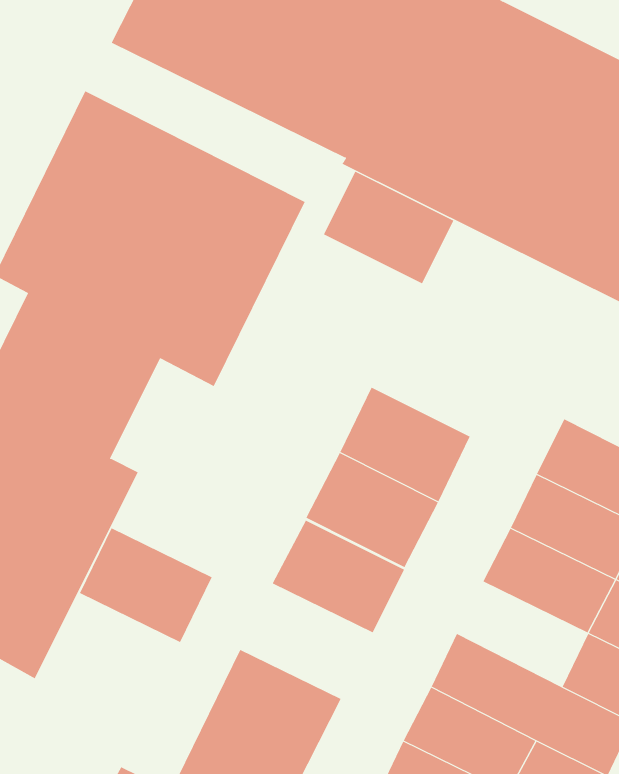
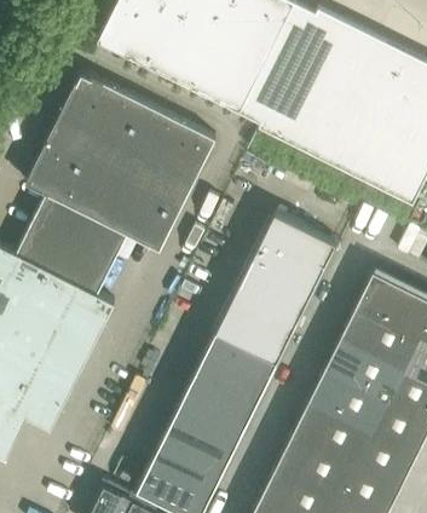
building: [323,171,454,284] -> [255,213,335,282]
building: [79,527,212,643] -> [175,371,256,442]
building: none -> [307,370,387,434]

